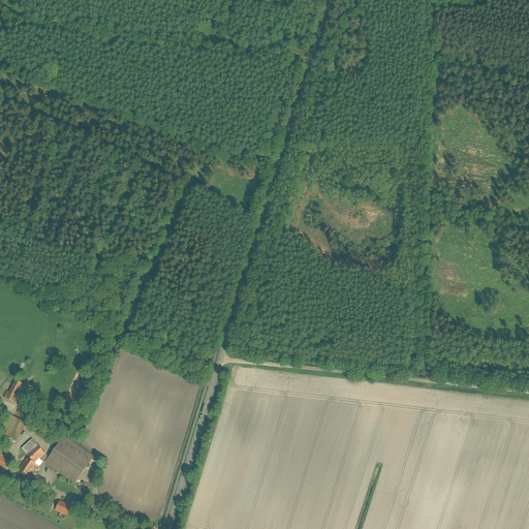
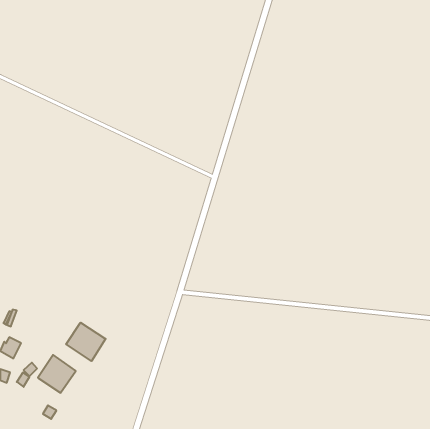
building: none -> [66,323,106,361]

